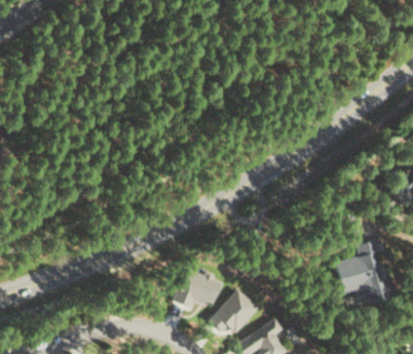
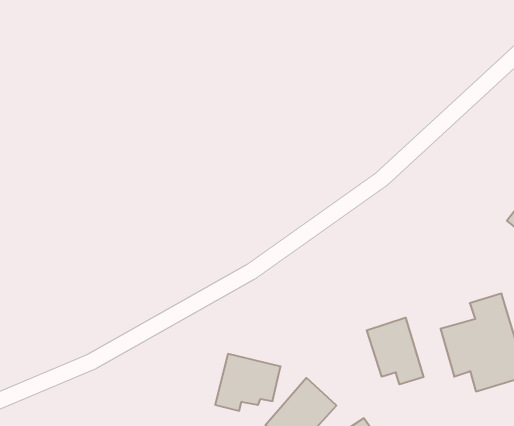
building: none -> [367,318,424,384]

